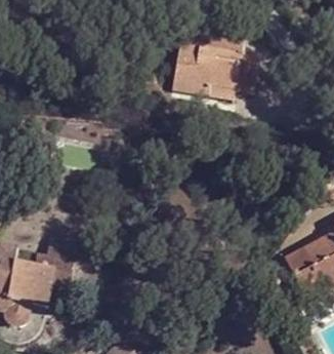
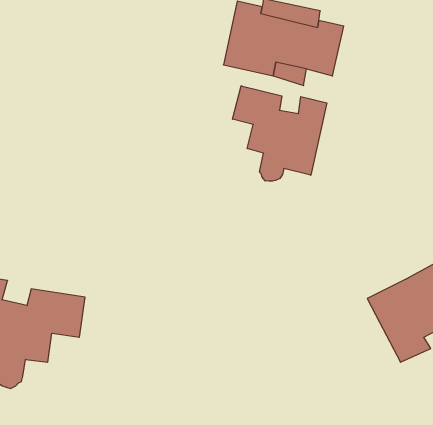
building: none -> [233,86,327,181]

